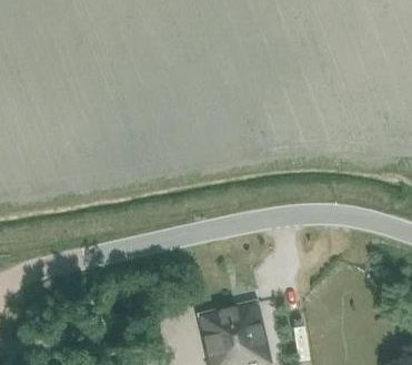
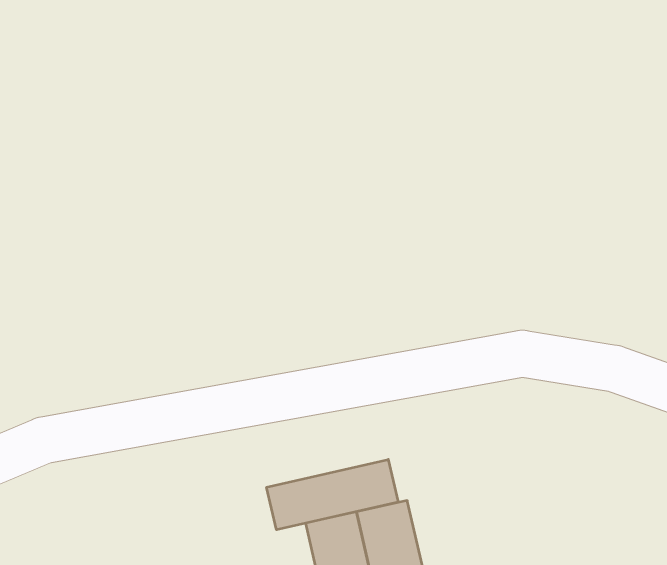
building: none -> [267,459,398,530]

